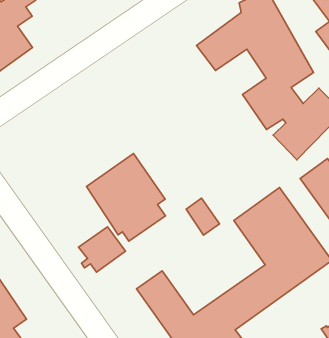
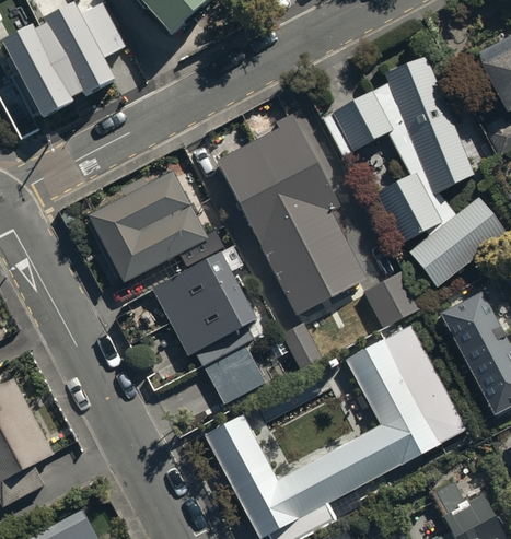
building: none -> [218,113,365,315]
building: none -> [88,172,224,286]
building: none -> [362,271,422,329]
building: [79,227,125,272] -> [206,347,267,405]

